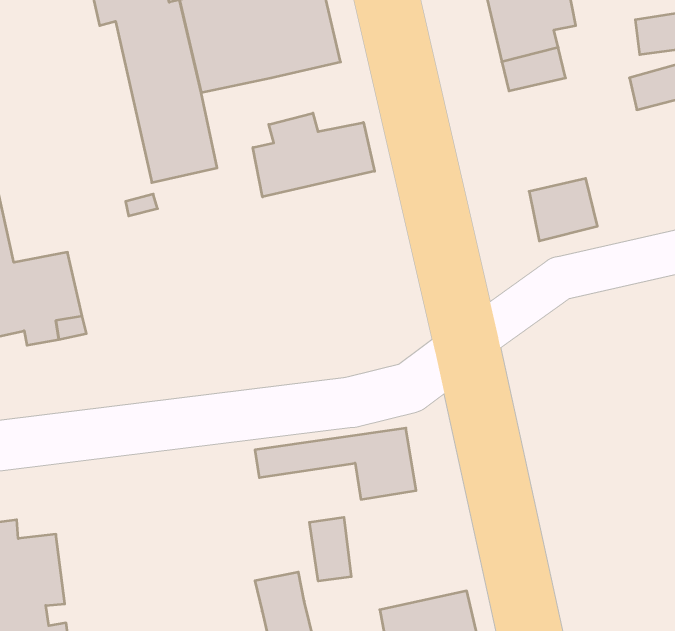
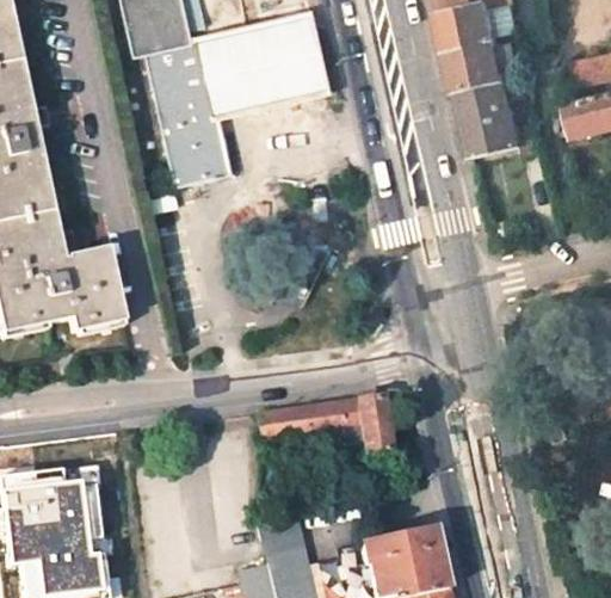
building: [253,113,375,197] -> none
building: [529,178,597,241] -> [468,104,524,155]
building: [309,517,351,581] -> none

